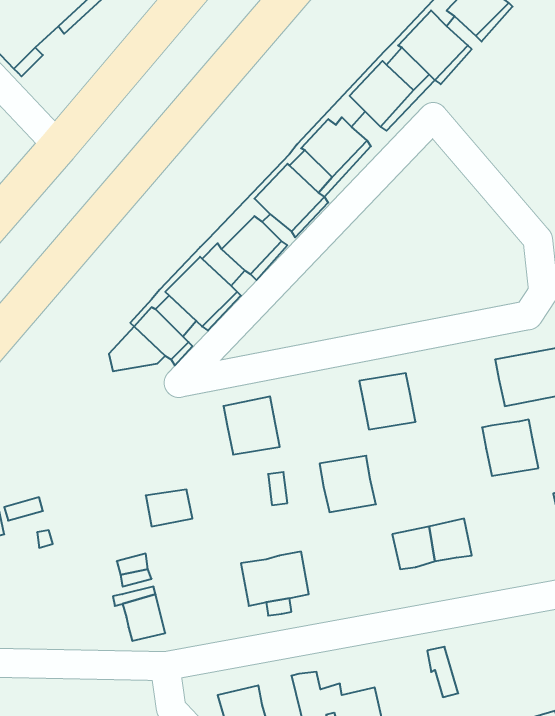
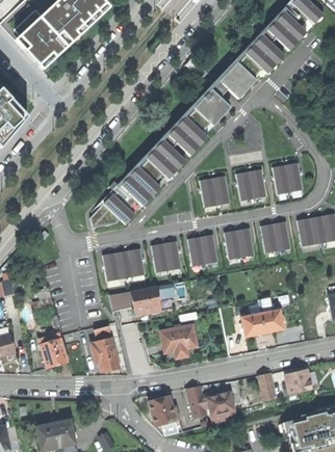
building: none -> [272,162,303,192]
building: none -> [235,168,266,200]
building: none -> [200,176,230,206]
building: none -> [102,247,145,280]
building: [482,420,538,476] -> [260,221,290,251]
building: [320,456,376,512] -> [187,234,217,264]
building: none -> [131,285,160,311]
building: none -> [38,331,67,364]
building: none -> [285,371,312,396]

